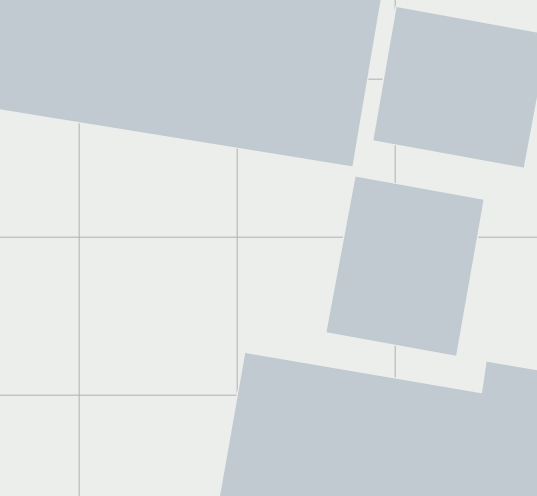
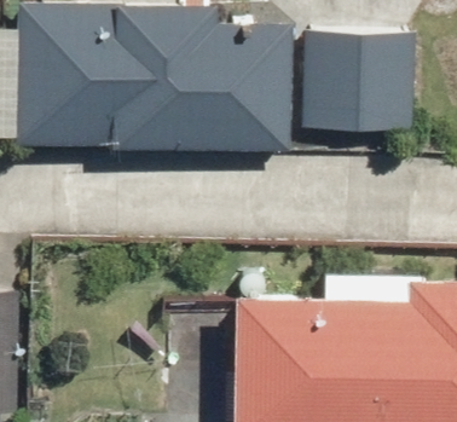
building: [326,176,484,356] -> none

